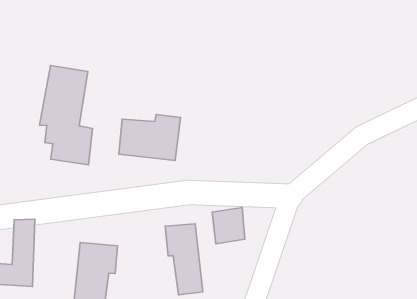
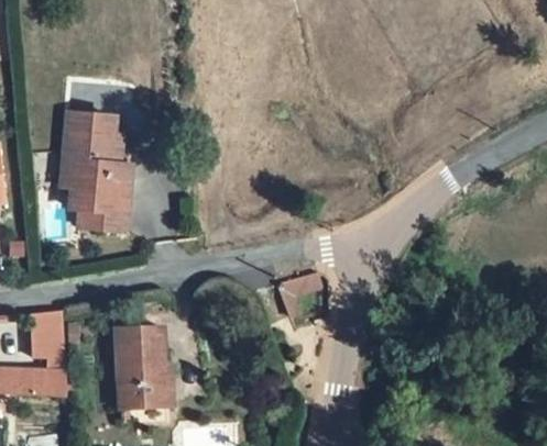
building: [119,114,181,160] -> none
building: [165,224,203,295] -> none

